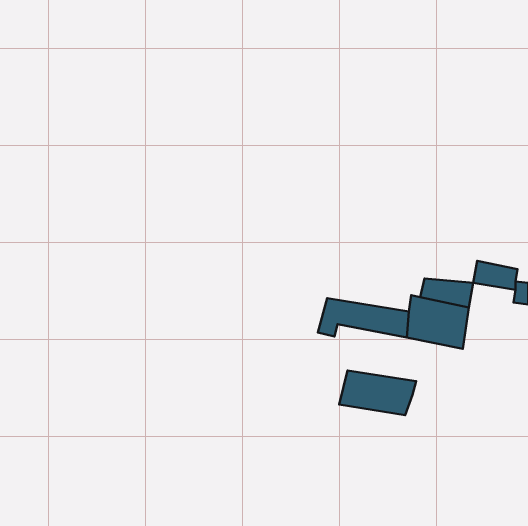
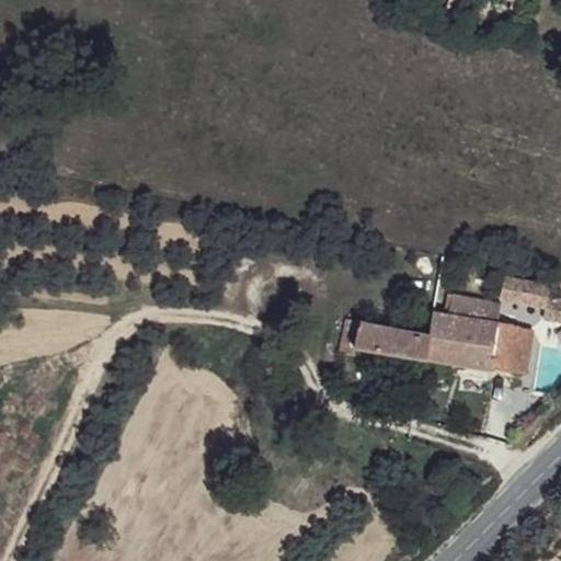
building: none -> [490,329,533,380]
building: [339,370,416,415] -> none

